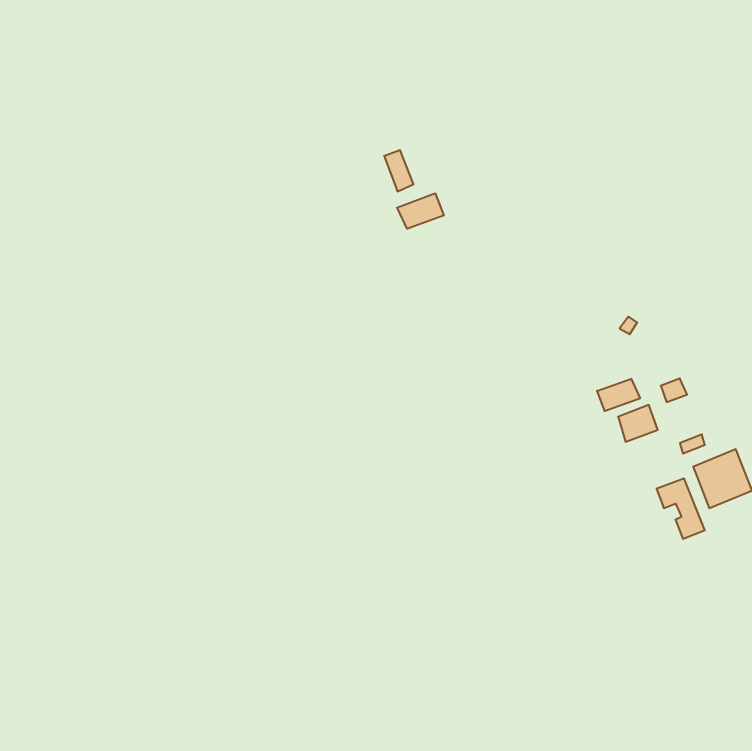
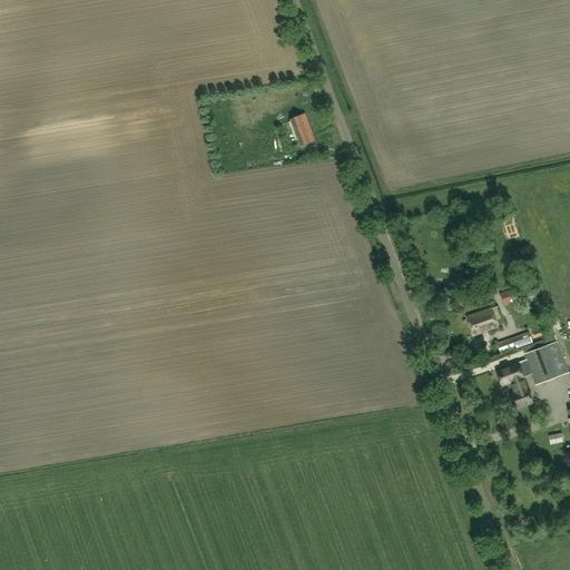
building: [397,193,444,229] -> none
building: [597,379,640,411] -> none

